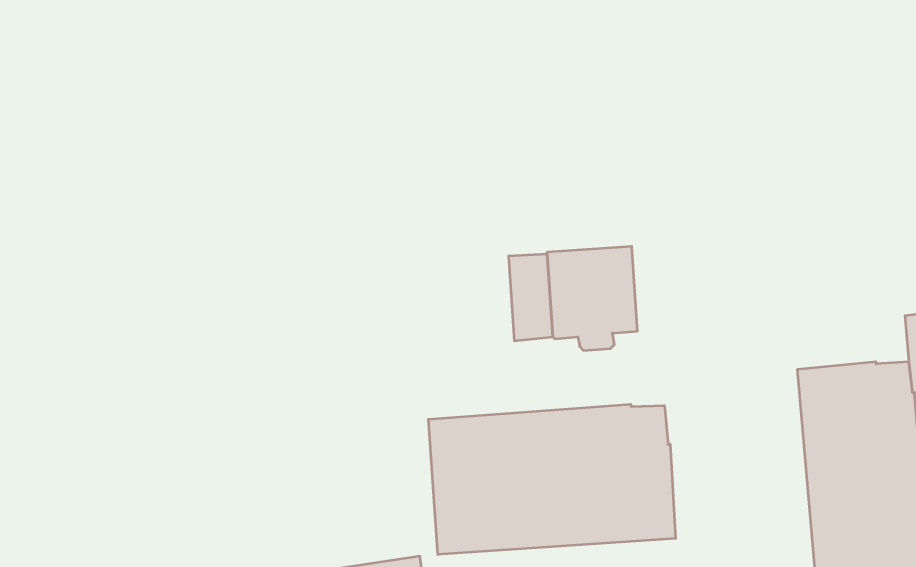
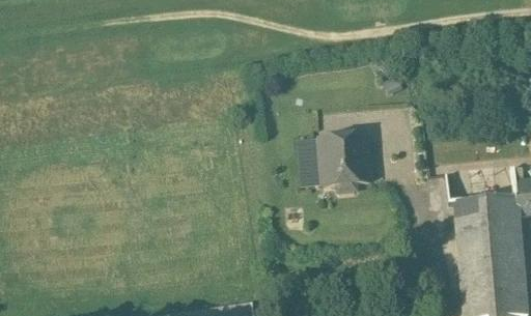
building: [428,404,676,555] -> none

